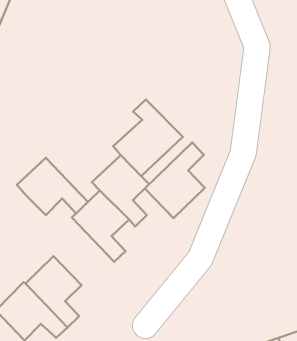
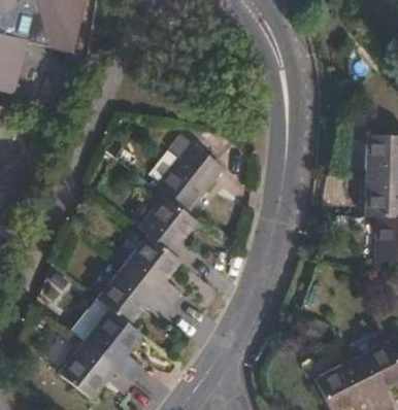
building: [145,142,205,218] -> none
building: [17,158,88,215] -> [96,267,171,326]

